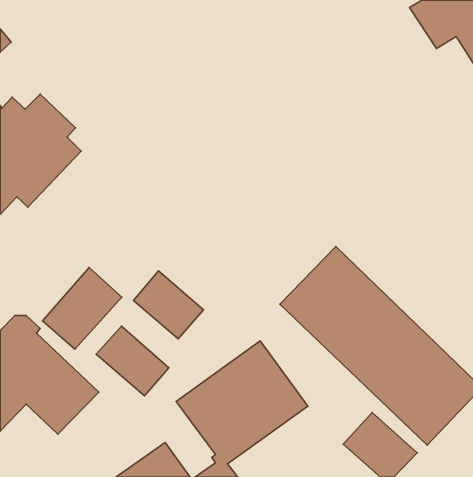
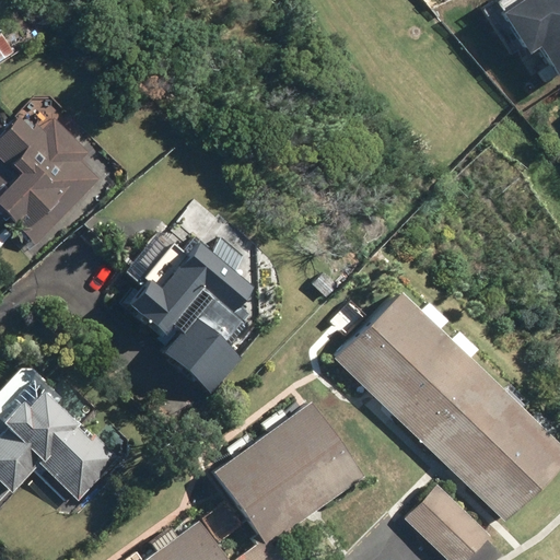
building: none -> [126,197,255,335]
building: [43,268,122,349] -> none
building: [96,326,169,396] -> none

